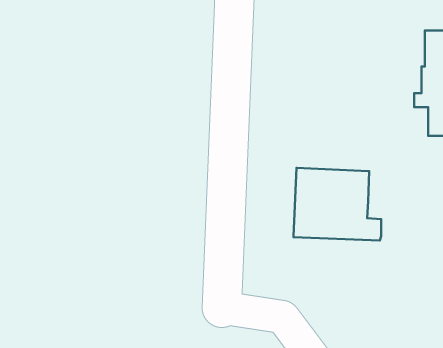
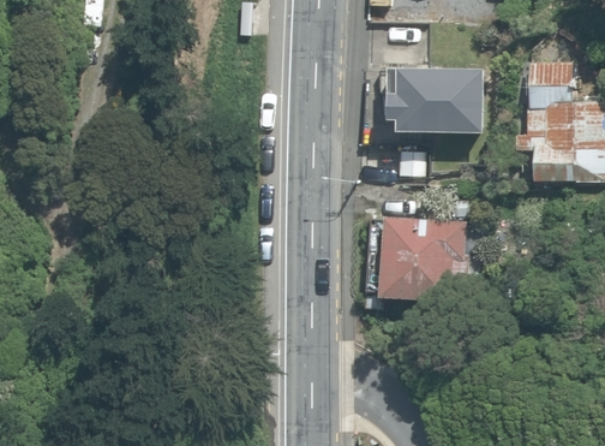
building: none -> [387,65,484,132]

